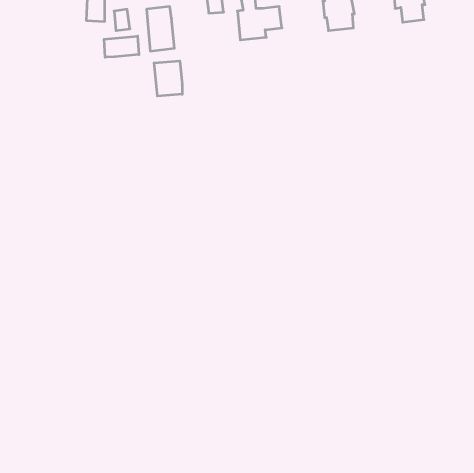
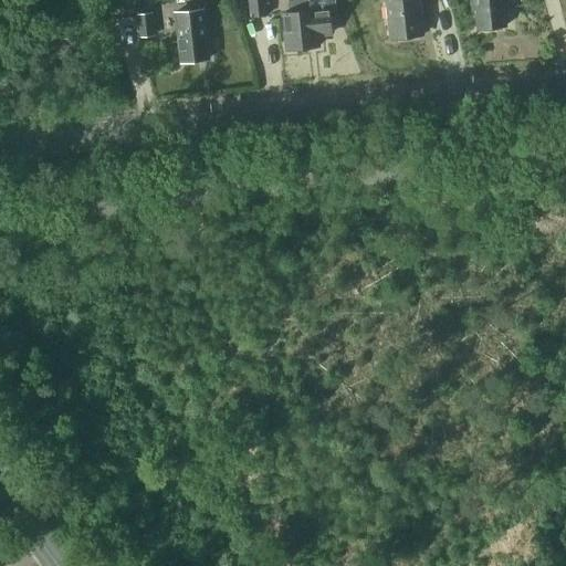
building: [104,36,139,57] -> none
building: [154,61,182,96] -> none

